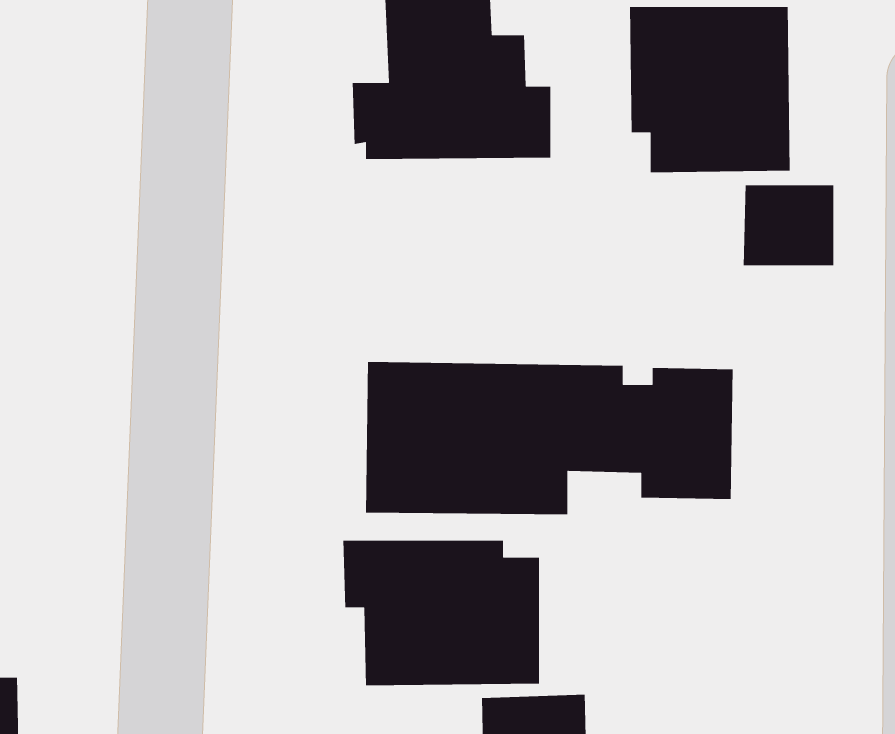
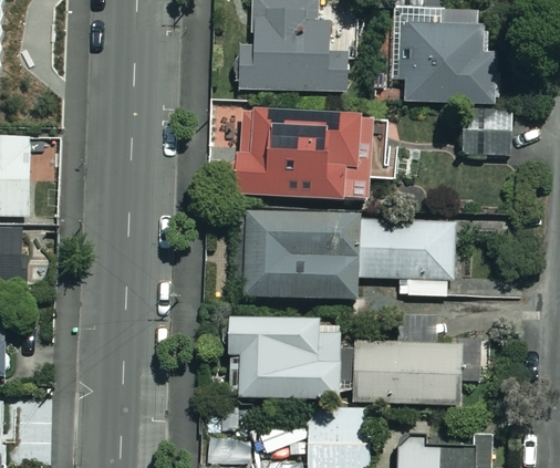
building: none -> [242,110,401,198]
building: none -> [353,339,479,404]

